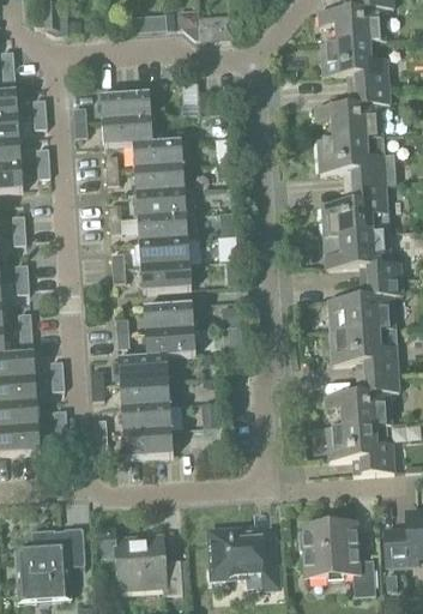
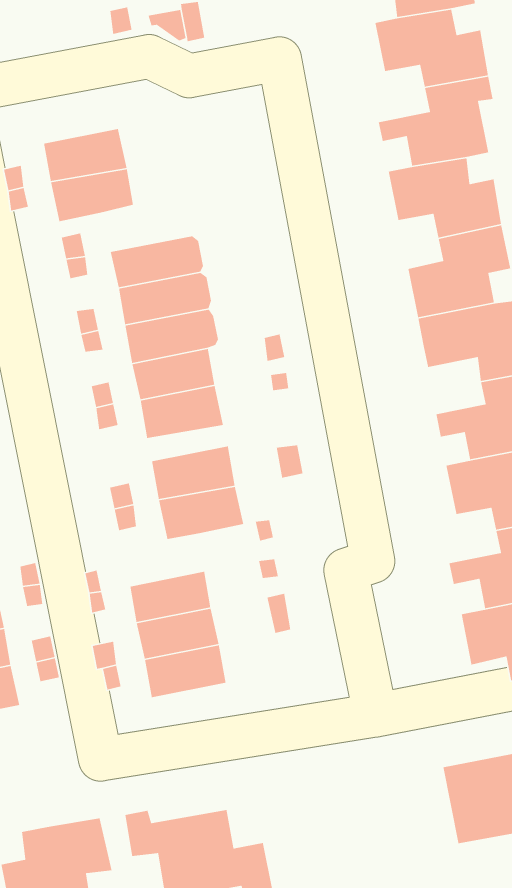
building: [132,140,191,169] -> none
building: [116,356,168,384] -> none
building: [210,528,278,586] -> none

